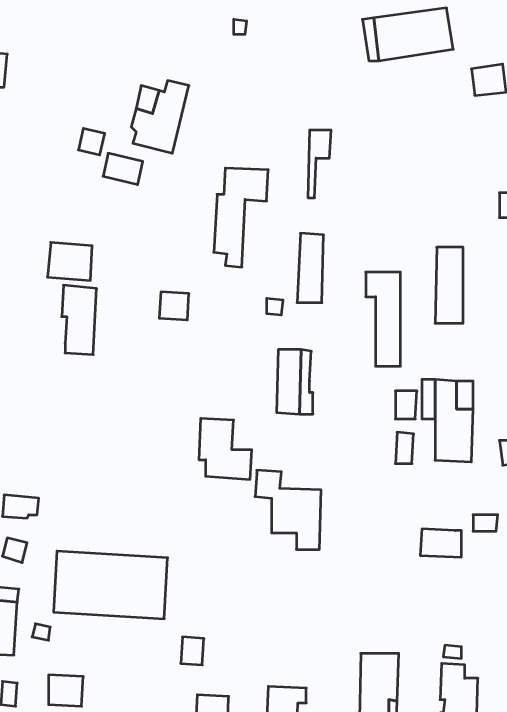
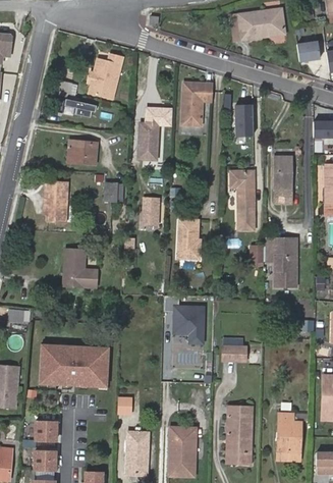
building: none -> [236,105,254,136]
building: [297,233,324,303] -> [181,83,198,125]
building: [47,242,92,280] -> [69,141,97,164]
building: none -> [143,198,158,224]
building: [199,418,252,479] -> [64,250,97,287]
building: [420,529,461,557] -> [222,344,247,362]

